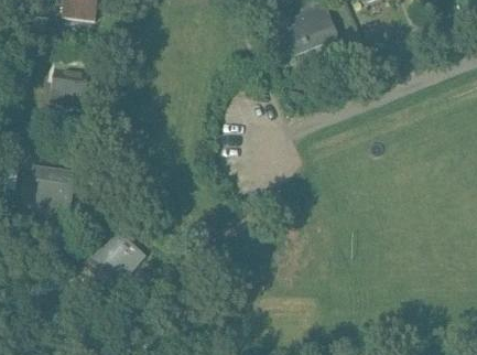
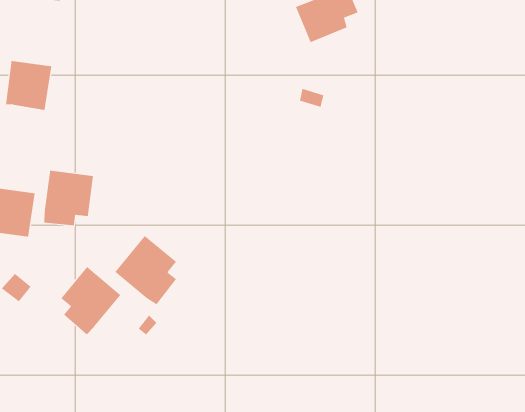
building: none -> [44,170,94,226]
building: none -> [115,235,177,305]

